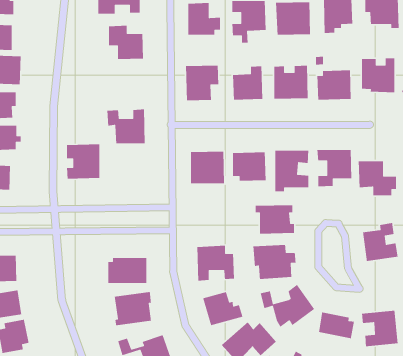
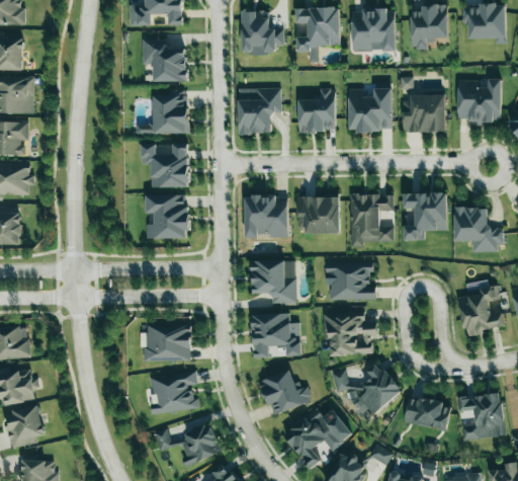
building: none -> [137,93,188,135]
building: [66,144,100,179] -> [146,194,188,239]
building: none -> [251,260,296,304]

